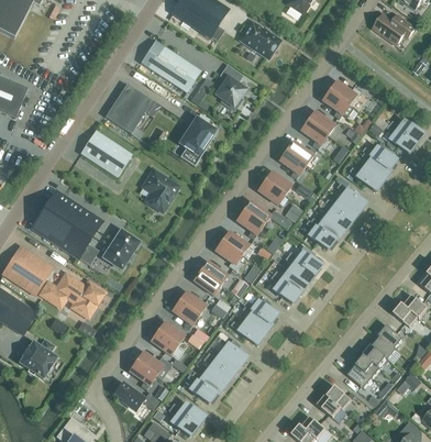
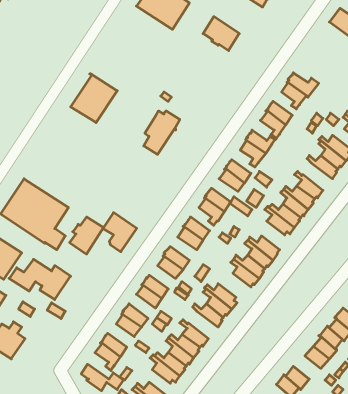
building: [141,40,201,91] -> none
building: [217,64,244,109] -> none
building: [80,129,132,176] -> none
building: [143,169,178,210] -> [103,213,137,252]

